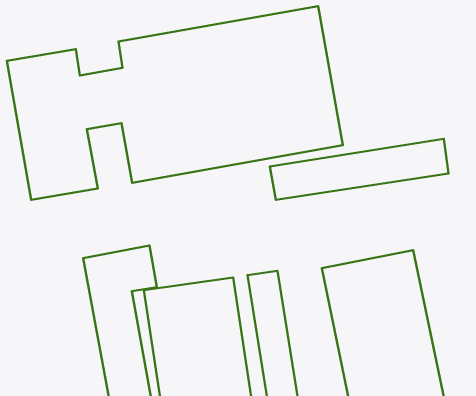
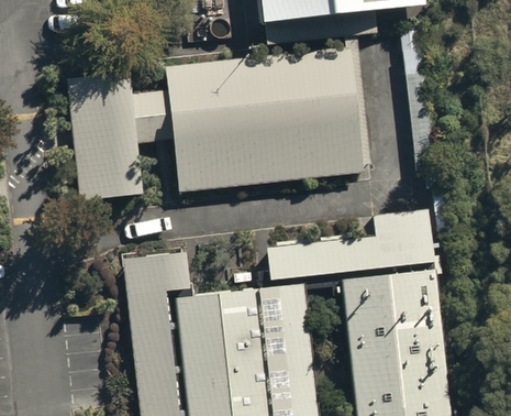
building: [270,139,448,200] -> [267,229,430,275]

